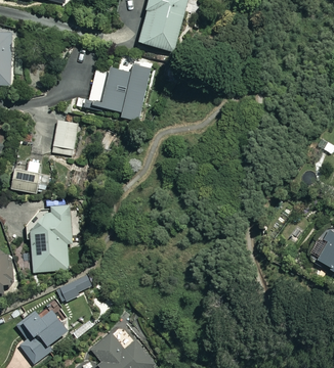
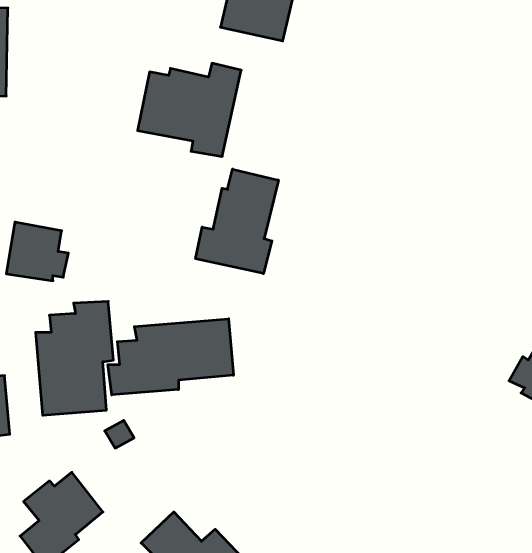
building: [52,120,80,154] -> none
building: none -> [196,169,278,274]
building: none -> [108,319,233,395]

